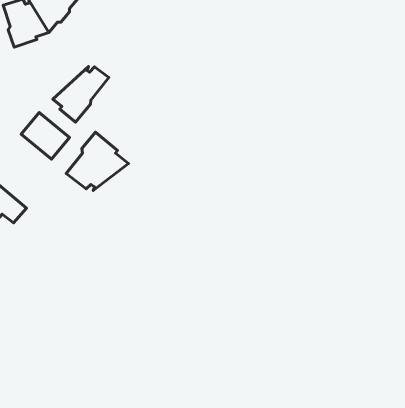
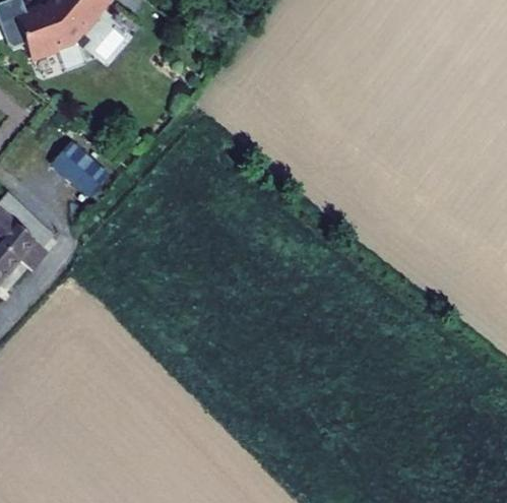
building: [53,67,109,122] -> none
building: [66,132,128,191] -> none

